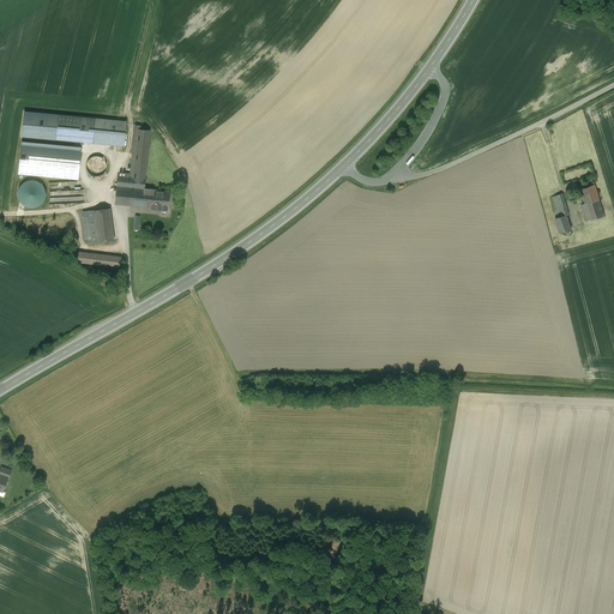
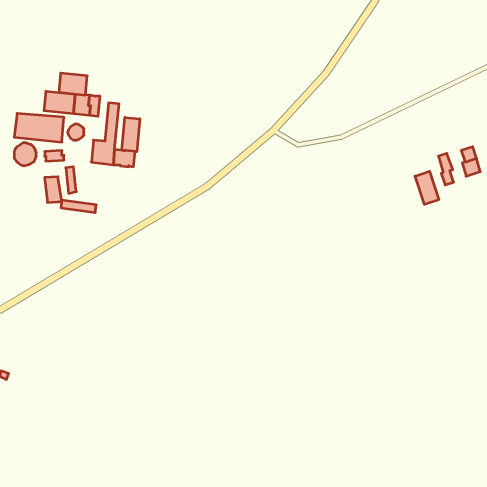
building: [22,112,58,139] -> [59,73,87,95]
building: none -> [122,117,140,152]
building: [92,209,114,241] -> [45,177,62,202]
building: none -> [415,171,439,204]

